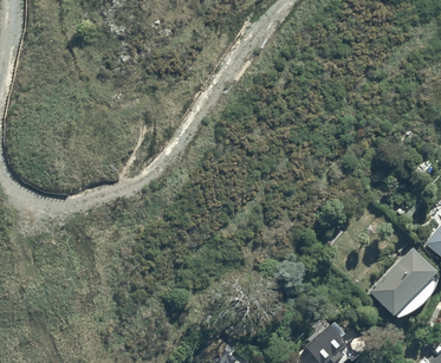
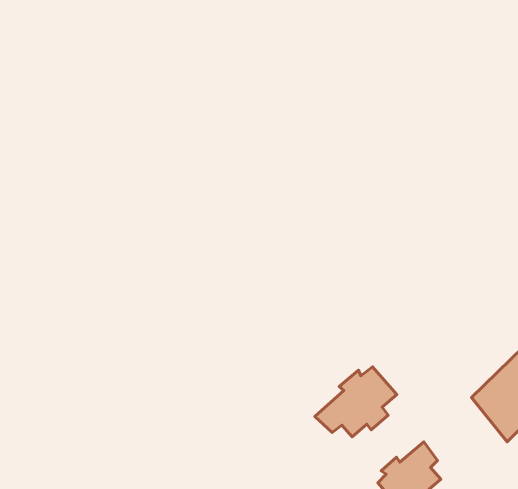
building: none -> [315,367,397,437]

